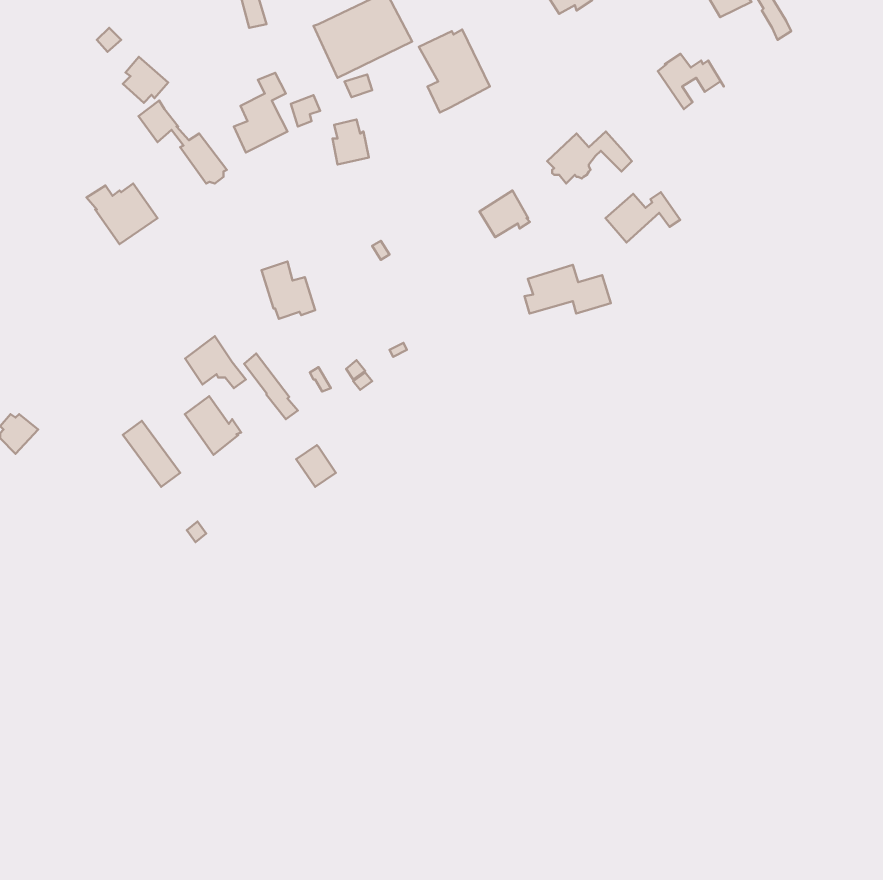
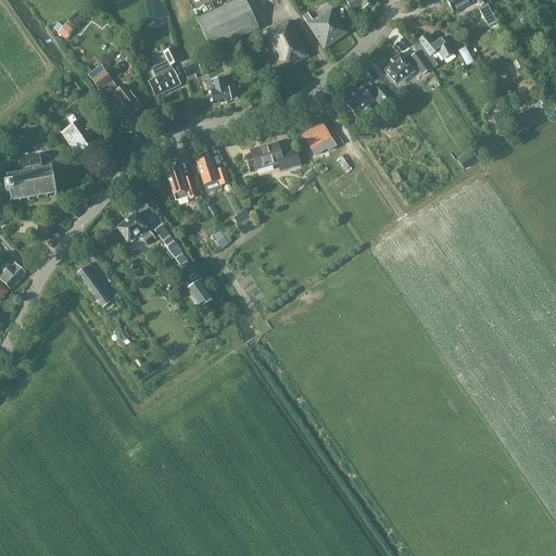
building: none -> [303,7,346,47]
building: [123,57,168,103] -> none
building: [606,192,680,242] -> [382,51,429,83]
building: none -> [5,151,58,198]
building: none -> [197,153,230,184]
building: [524,265,611,313] -> [248,139,302,169]
building: [185,396,241,455] -> none

